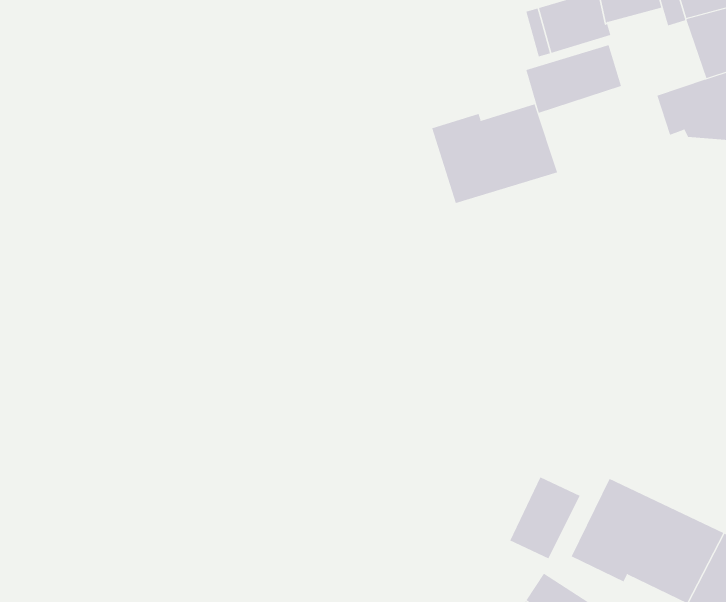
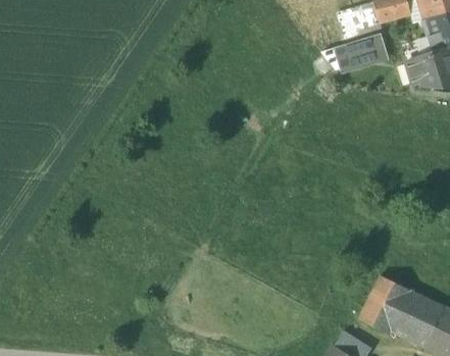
building: [432,103,558,204] -> none
building: [510,477,581,559] -> none

